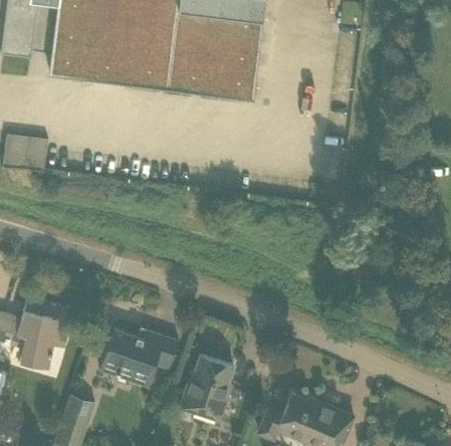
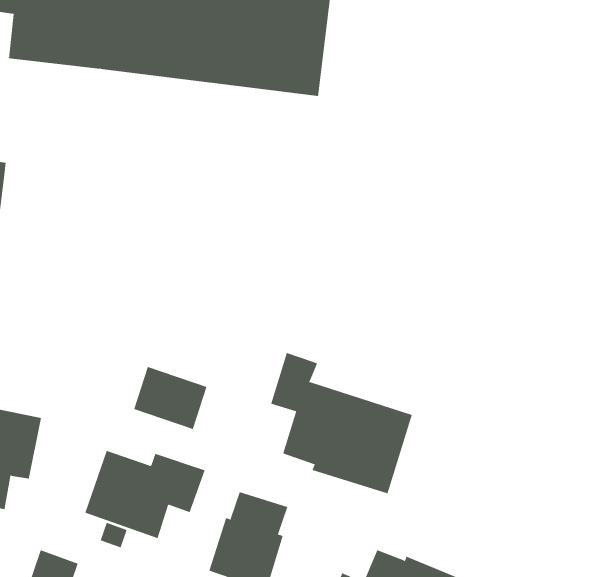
building: none -> [270,352,413,494]
building: none -> [133,366,207,430]

